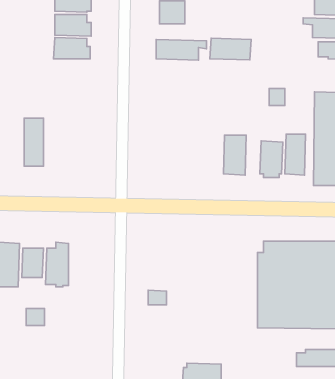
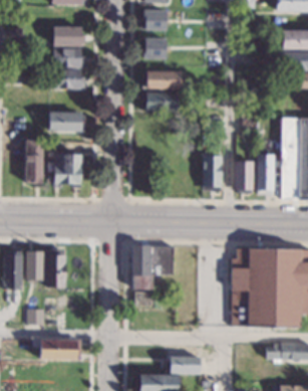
building: [210,38,251,60] -> [141,92,178,112]
building: none -> [49,113,85,132]
building: none -> [54,152,81,185]
building: none -> [132,246,174,289]
building: none -> [33,340,81,361]

